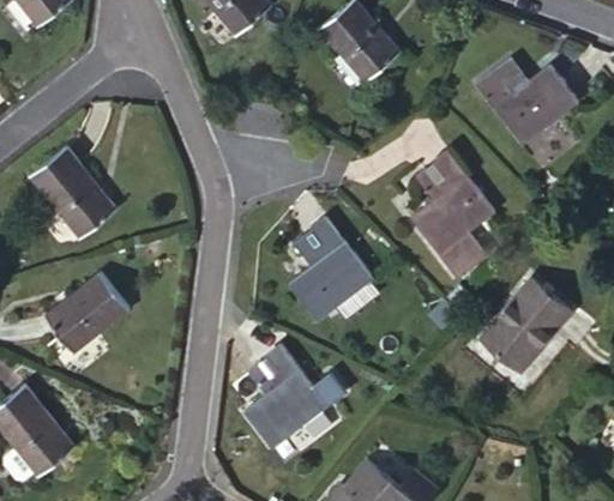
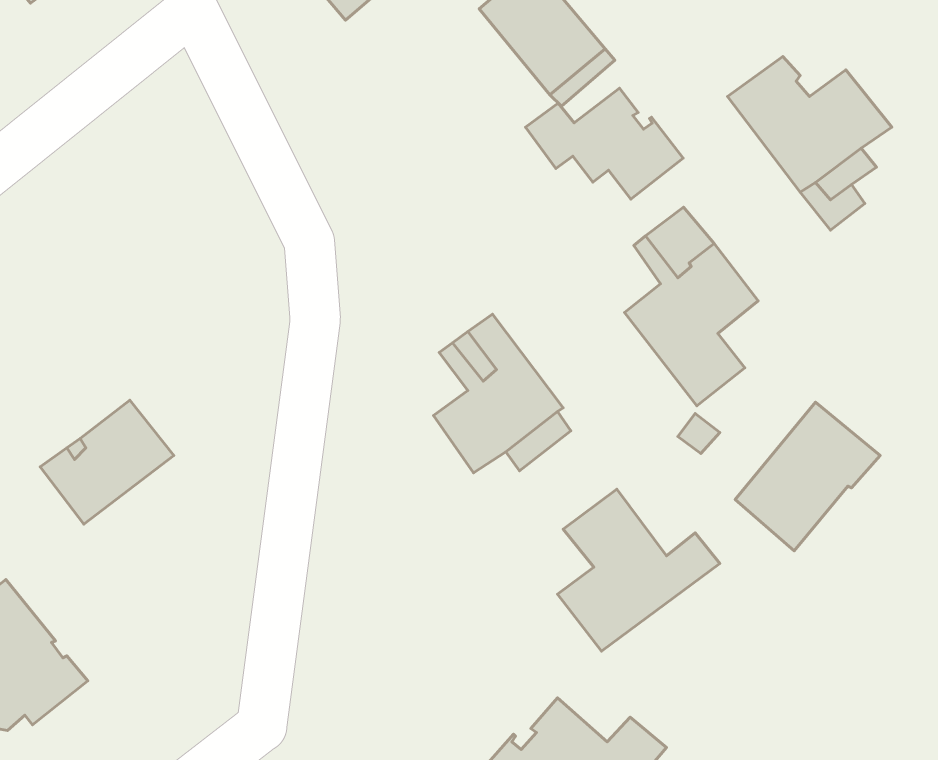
building: none -> [525,88,683,199]
building: [30,147,116,237] -> none
building: [245,345,347,447] -> [558,489,720,651]

